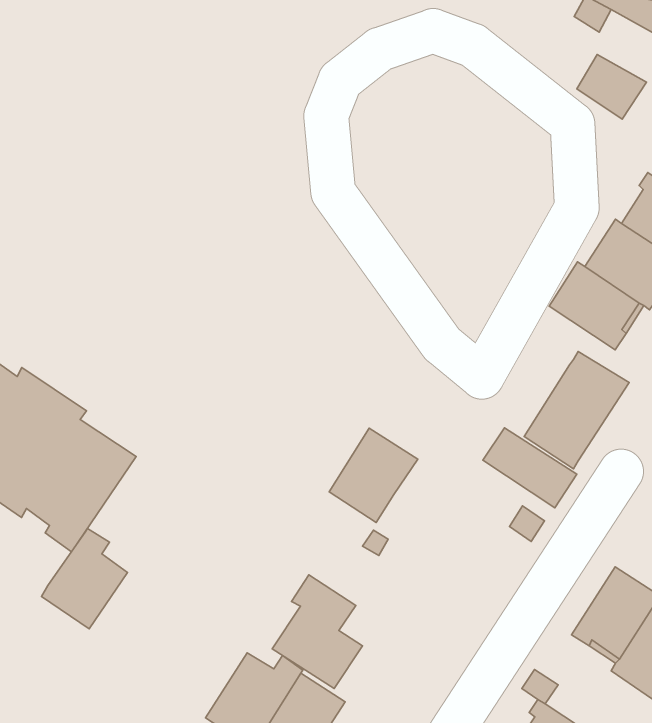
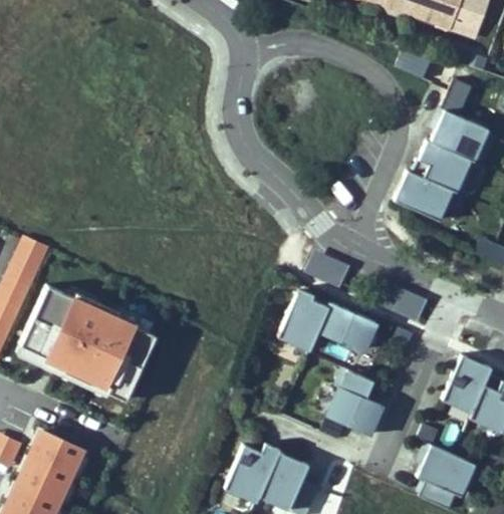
building: [524,351,629,469] -> none
building: none -> [304,251,350,289]
building: none -> [318,304,376,351]
building: [42,529,128,629] -> none
building: [272,575,362,688] -> [327,367,383,435]

